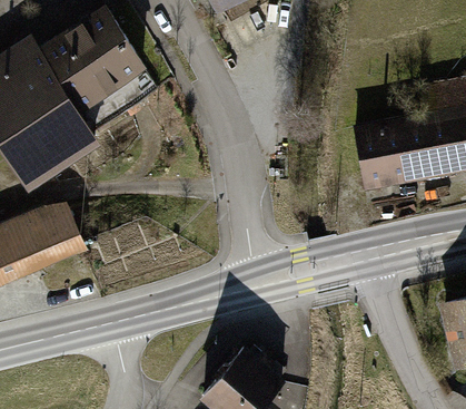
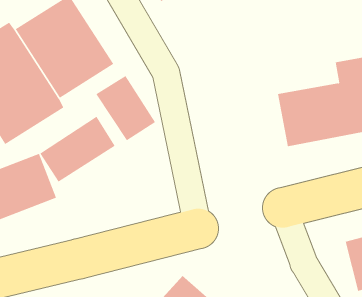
building: none -> [96,75,156,141]
building: none -> [40,116,115,183]

